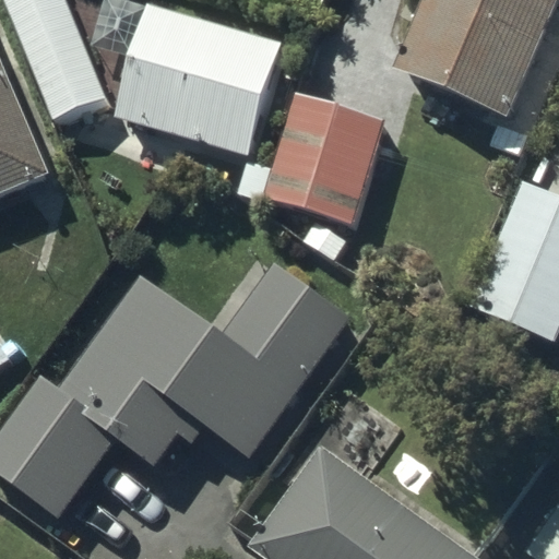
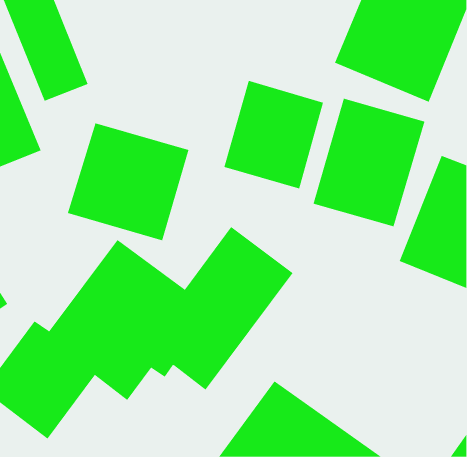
building: [116,8,283,157] -> none
building: none -> [313,98,425,227]
building: none -> [67,123,189,241]

